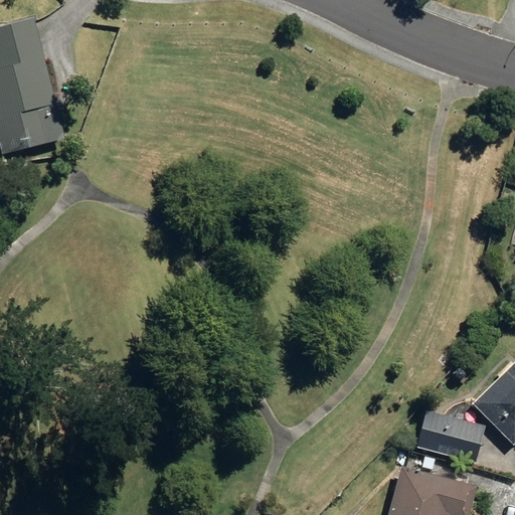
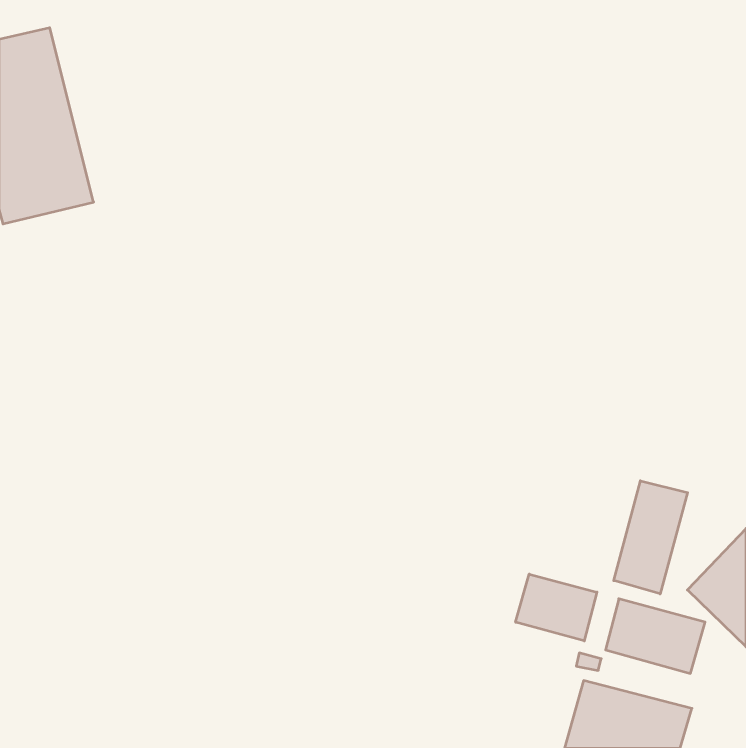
building: none -> [614,481,688,594]
building: none -> [516,574,597,641]

